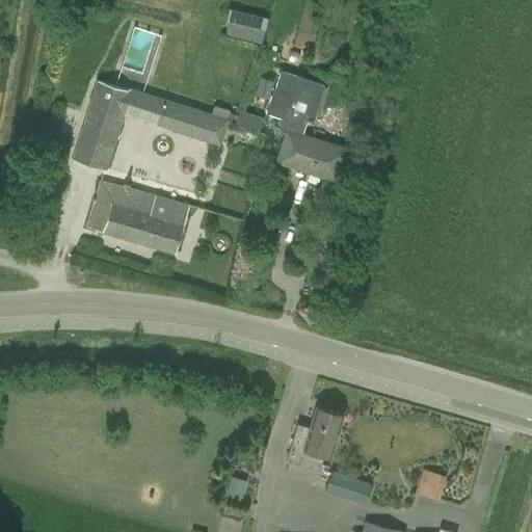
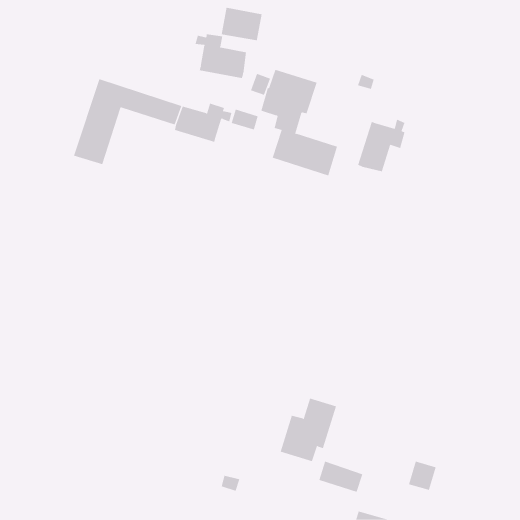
building: none -> [195,33,246,79]
building: none -> [358,119,405,172]
building: [87,182,189,254] -> none

